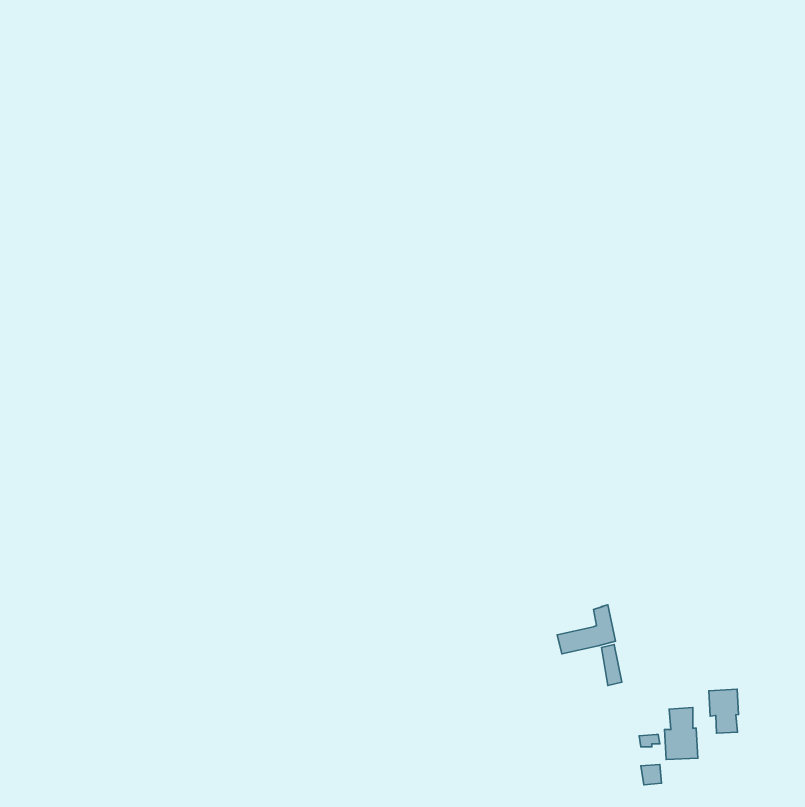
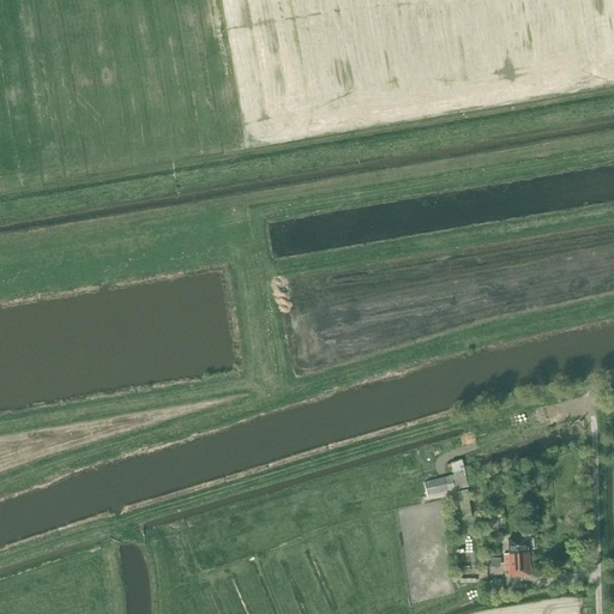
building: [709,689,738,733] -> none

